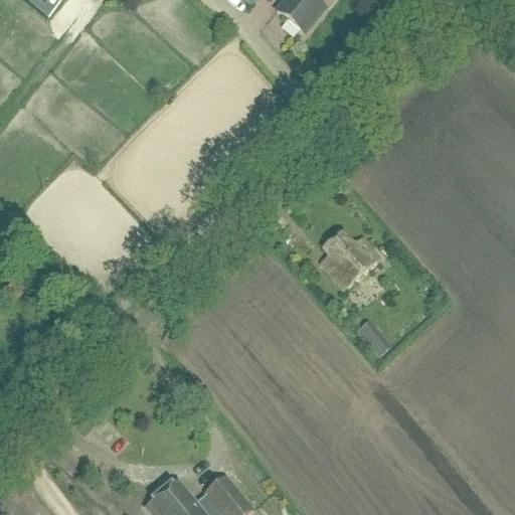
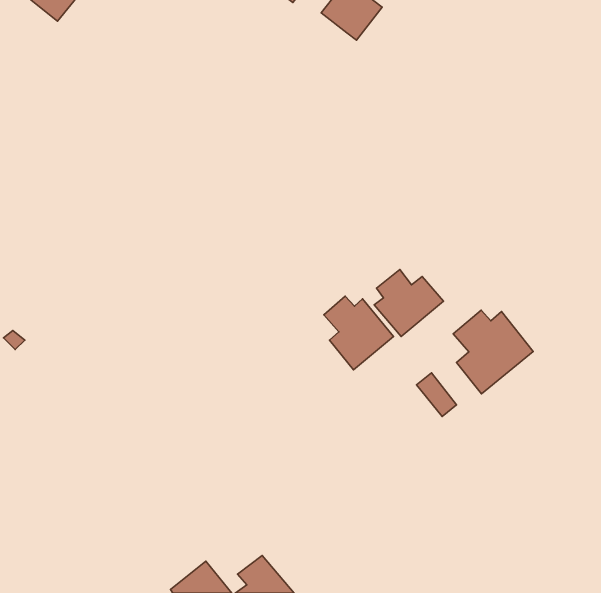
building: none -> [324,296,393,370]
building: none -> [453,310,533,394]

